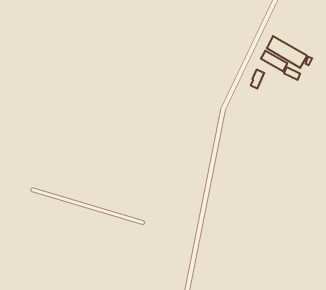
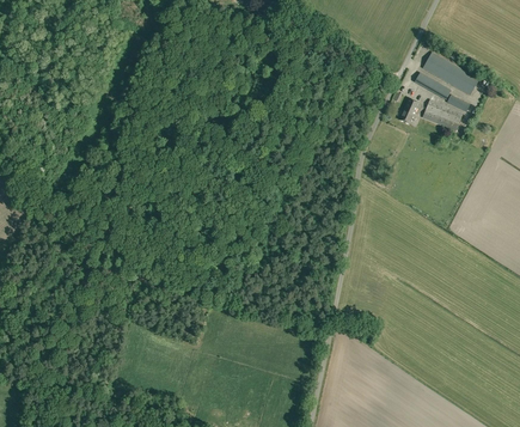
building: none -> [423,99,464,132]

